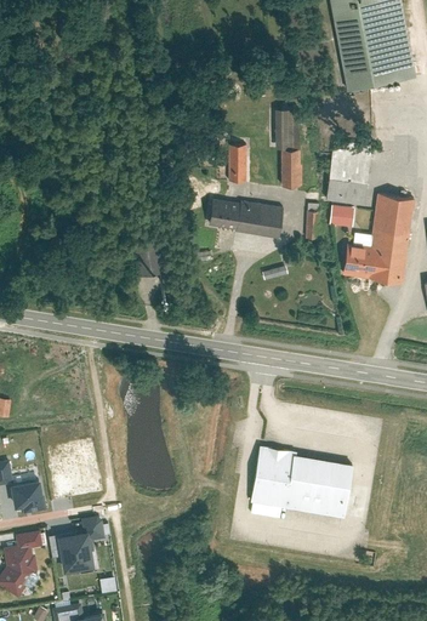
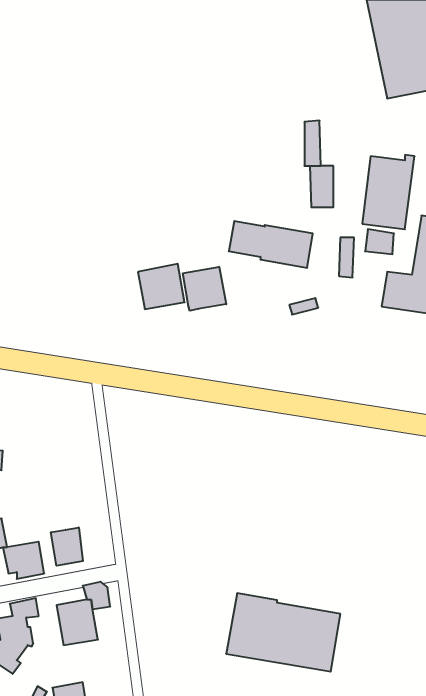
building: [228,147,246,182] -> none
building: none -> [183,267,226,311]
building: [251,448,352,517] -> [226,593,340,672]
building: none -> [51,527,83,566]

